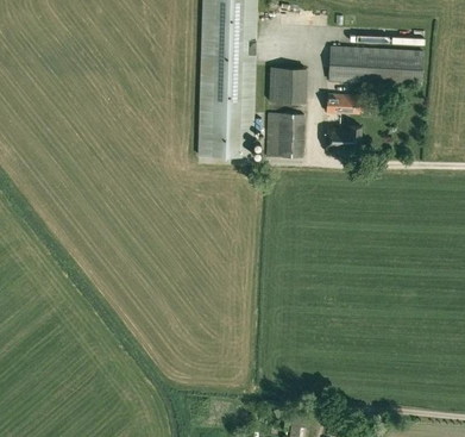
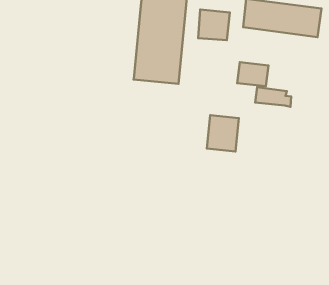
building: [326,93,370,114] -> [255,87,291,107]
building: [268,114,304,157] -> [207,115,239,152]

